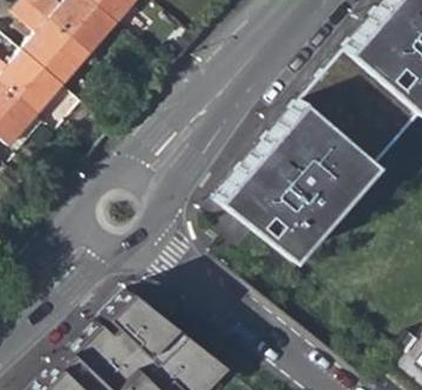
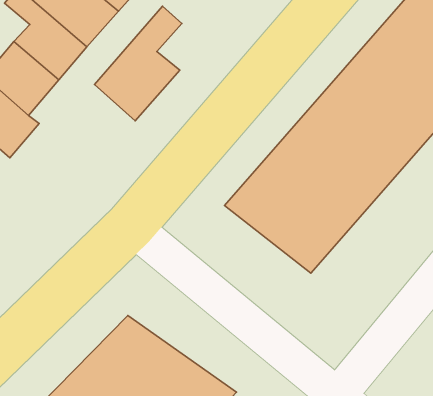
building: none -> [94,6,182,121]

